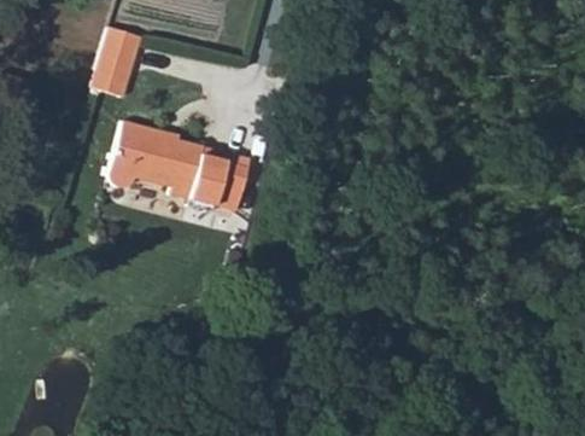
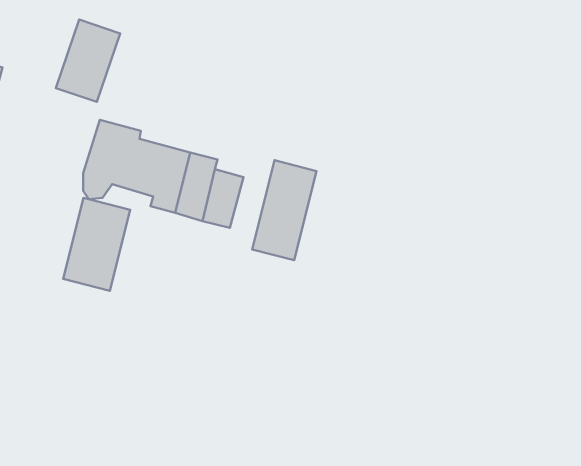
building: none -> [252,160,316,260]
building: none -> [63,198,130,291]

